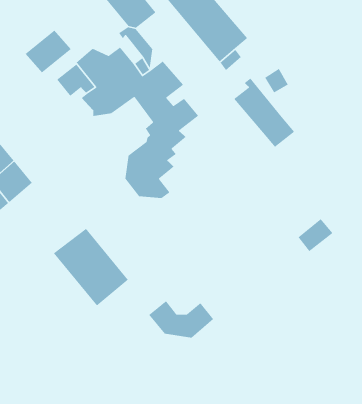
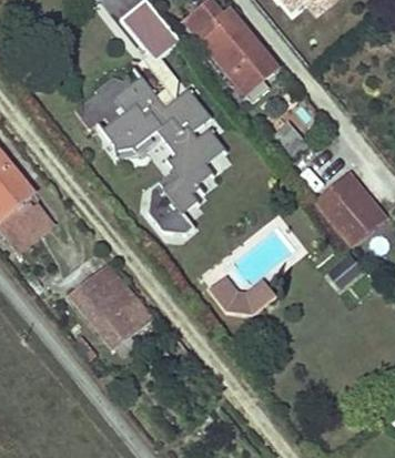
building: [24,29,72,73] -> none
building: none -> [315,173,385,244]
building: [148,300,214,338] -> [209,275,277,315]

